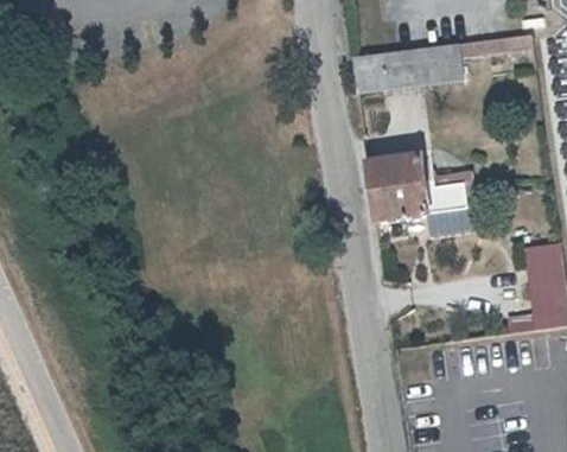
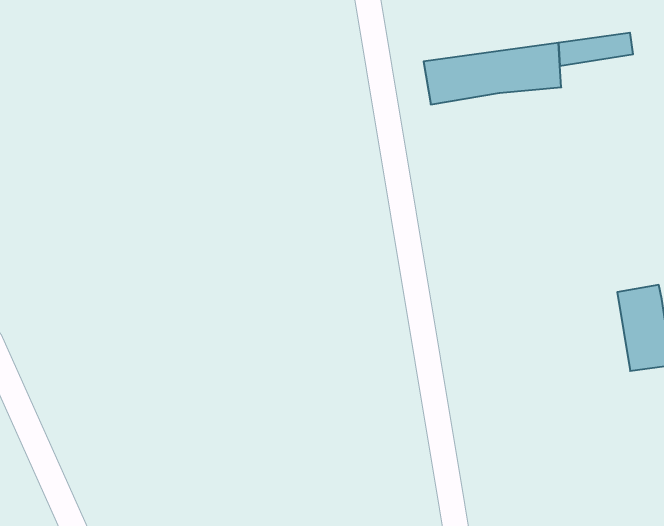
building: [375,157,474,223] -> none

